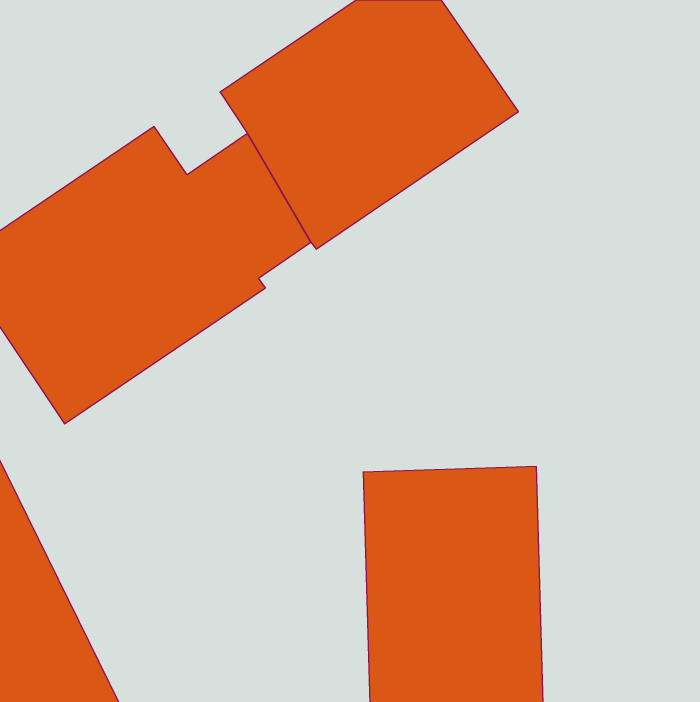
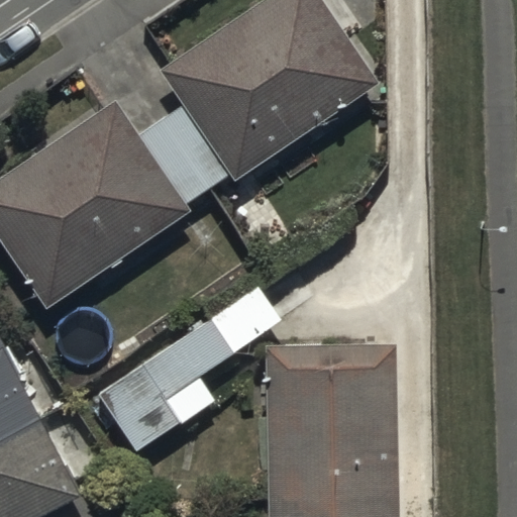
building: none -> [93,283,286,454]

